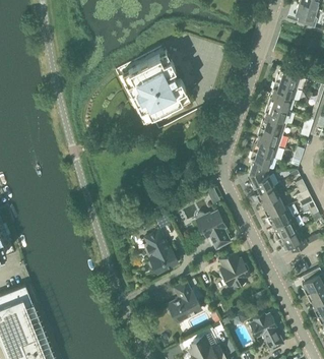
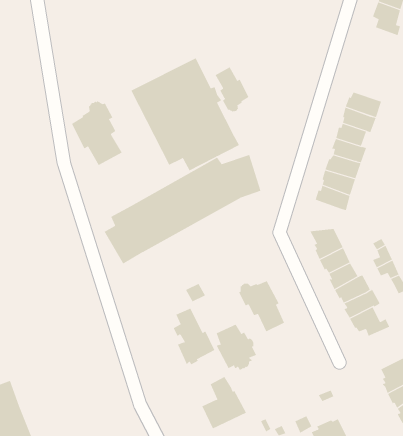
building: none -> [215,67,249,113]
building: none -> [71,100,123,166]
building: none -> [104,154,261,264]
building: [248,152,271,175] -> none
building: [219,253,250,288] -> [216,324,257,370]

